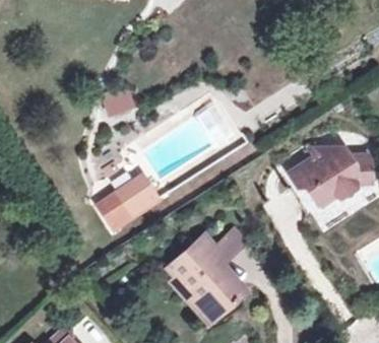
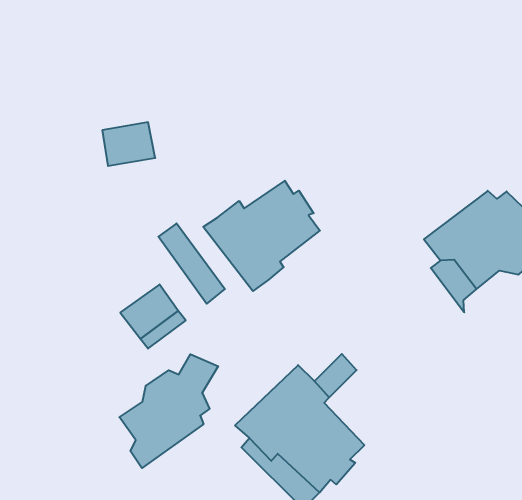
building: none -> [203,181,320,291]
building: none -> [119,354,218,468]

